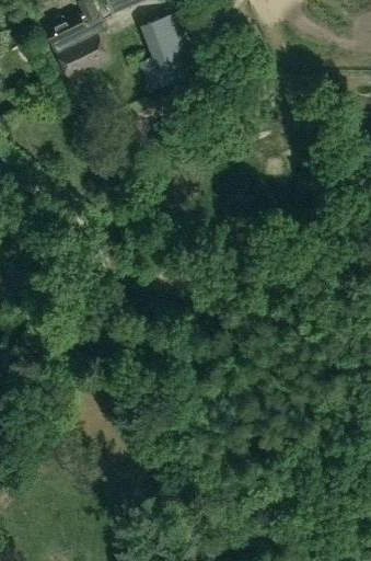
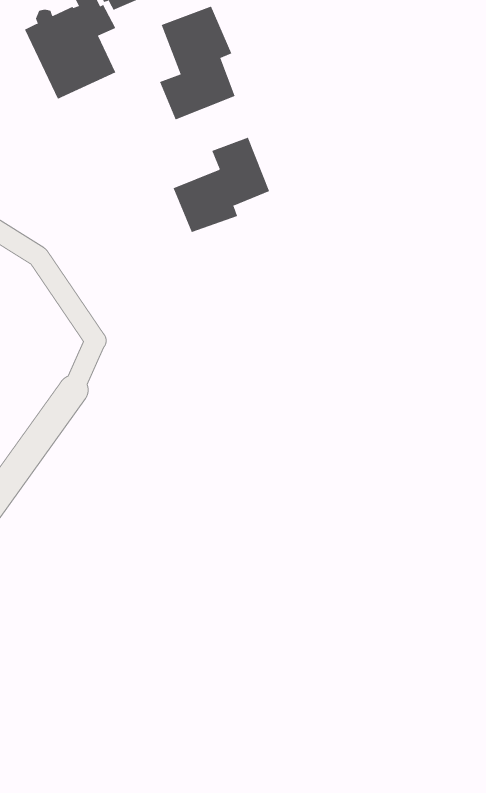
building: none -> [173,137,270,233]

